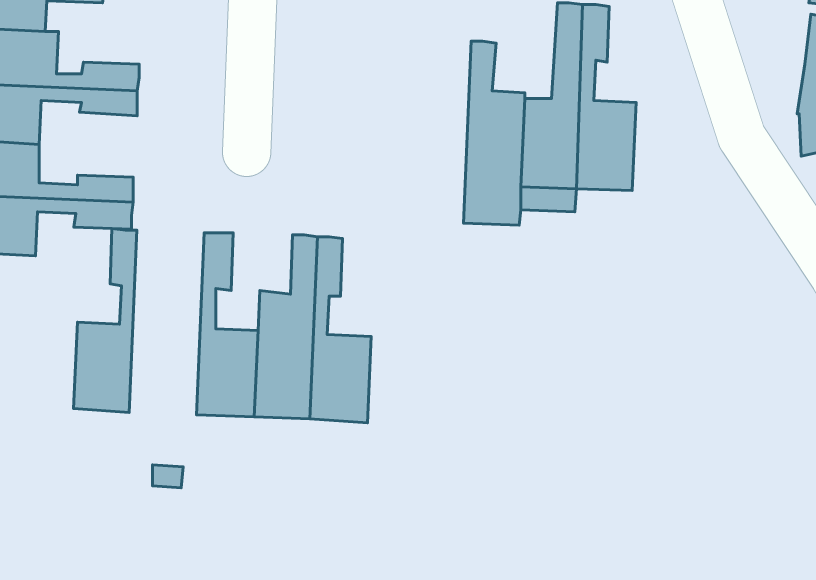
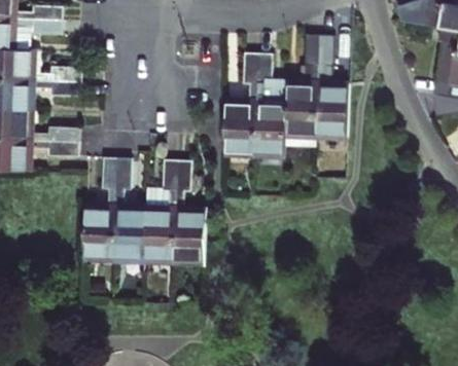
building: none -> [224,53,259,152]
building: [74,228,137,412] -> [82,156,116,255]

